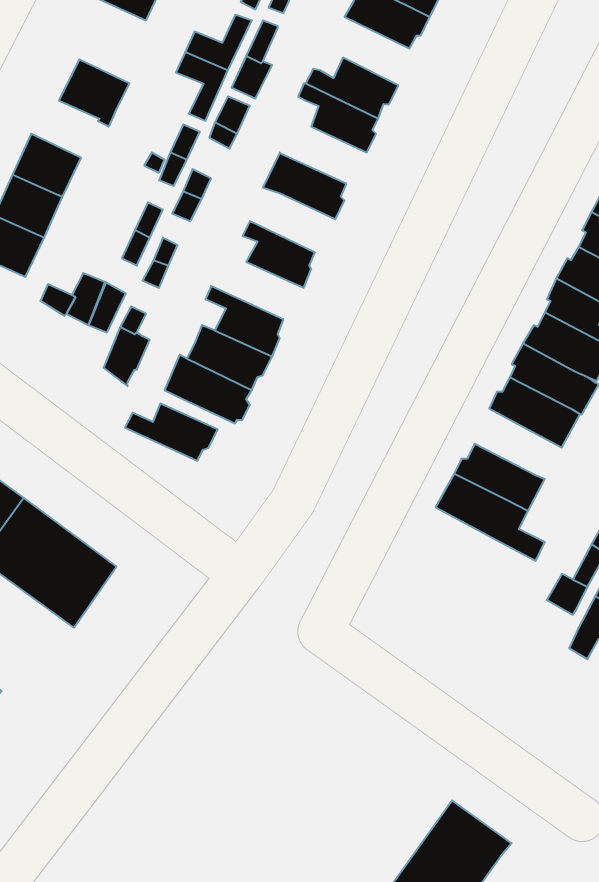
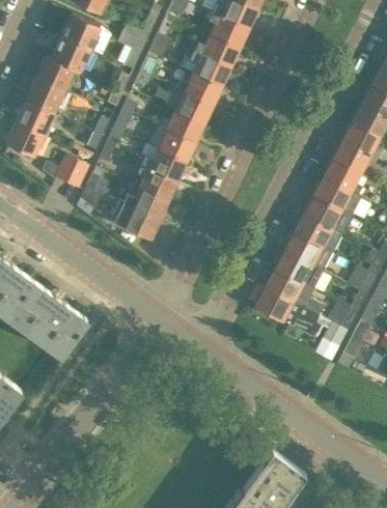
building: none -> [208,12,248,51]
building: none -> [63,16,111,55]
building: none -> [36,57,75,91]
building: none -> [176,74,224,106]
building: none -> [159,111,206,144]
building: [125,403,218,461] -> [137,149,189,181]
building: none -> [284,231,333,271]
building: none -> [253,286,322,340]

